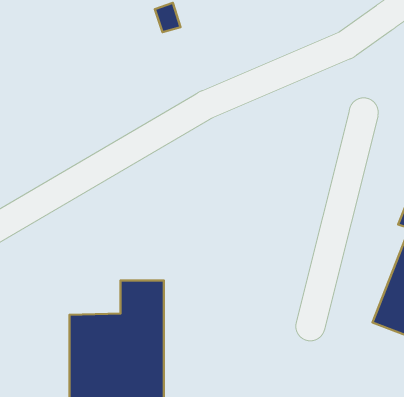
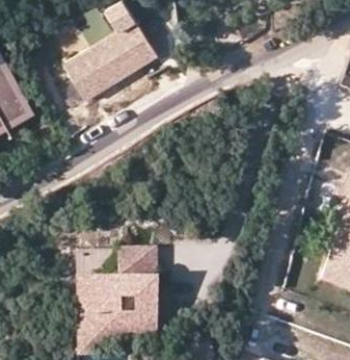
building: none -> [65,19,160,98]

